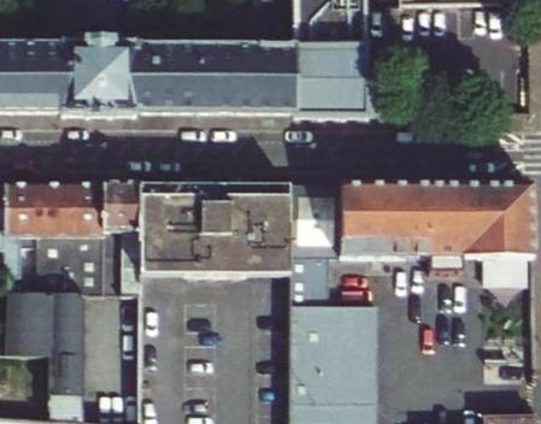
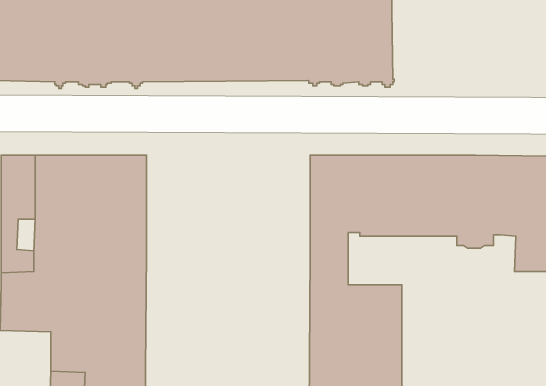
building: [141,182,292,273] -> none

